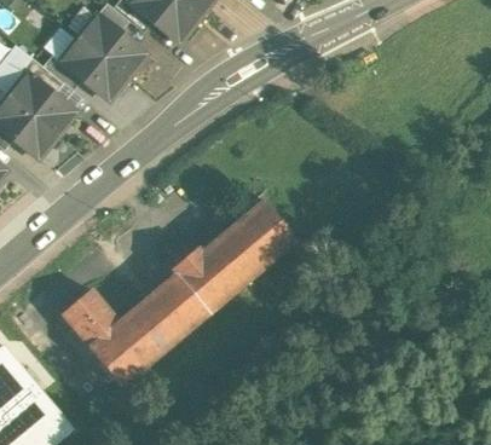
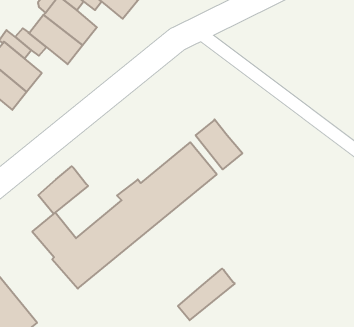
building: none -> [196,119,242,169]
building: none -> [38,166,88,214]
building: none -> [178,269,235,320]

